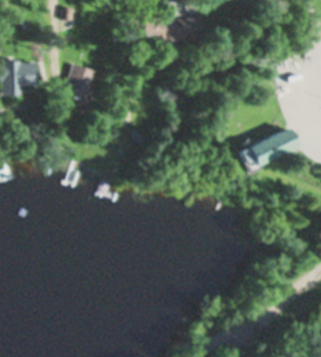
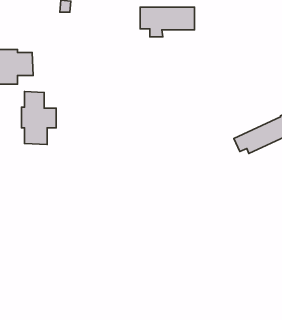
building: [66,66,95,101] -> none
building: none -> [21,91,56,144]

